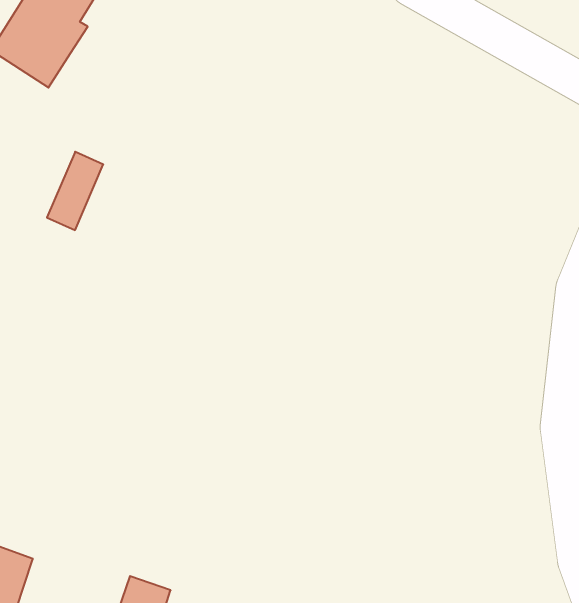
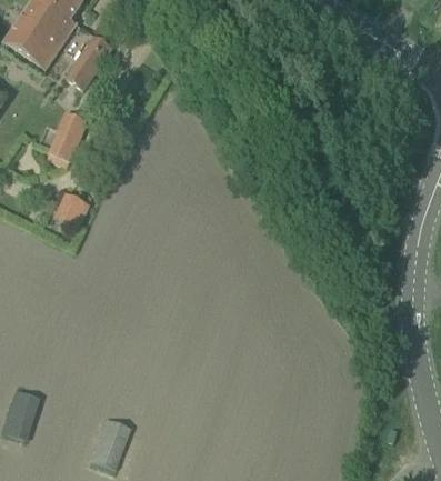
building: none -> [64,36,111,90]
building: none -> [52,189,88,226]

